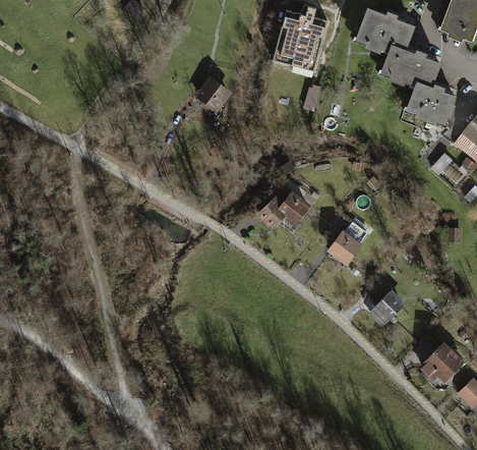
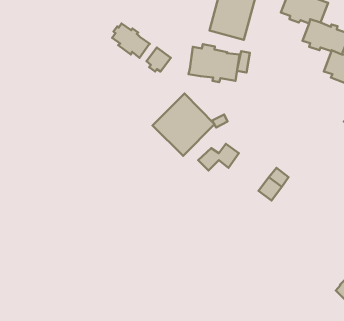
building: none -> [112,23,150,58]
building: none -> [188,44,239,82]
building: none -> [152,94,214,156]
building: [374,291,403,320] -> none

